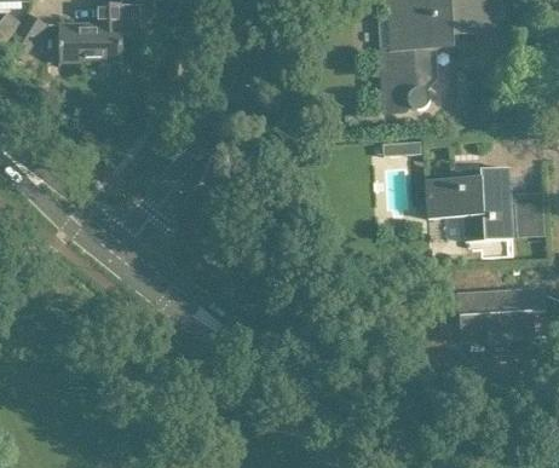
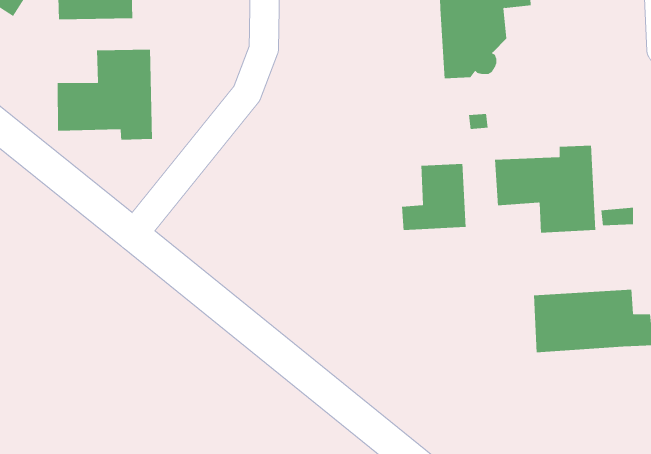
building: none -> [57,49,153,141]
building: none -> [401,163,466,231]

